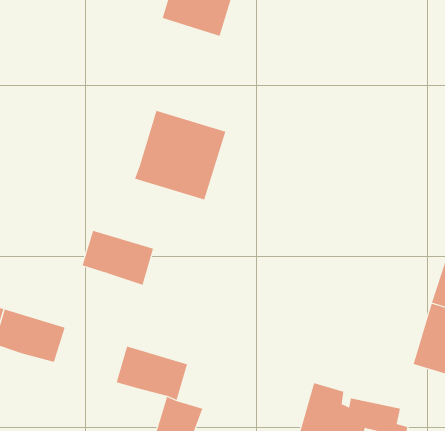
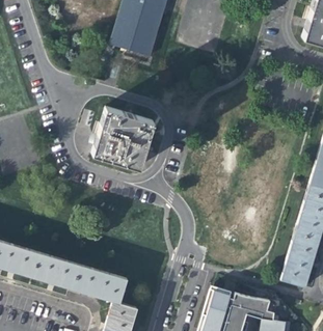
building: [82,230,154,285] -> [37,254,86,292]

